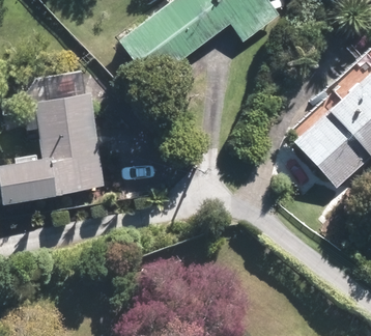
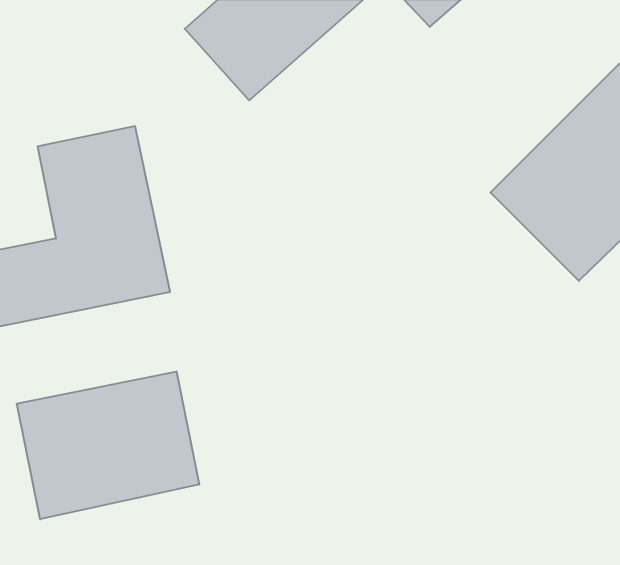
building: none -> [17,371,199,519]

